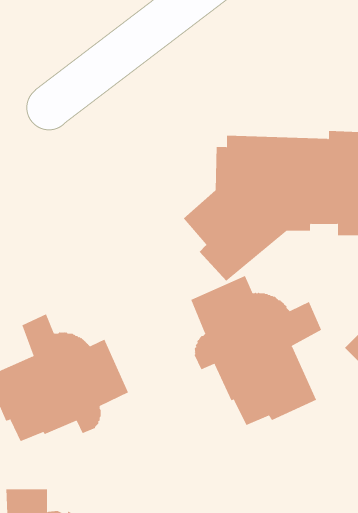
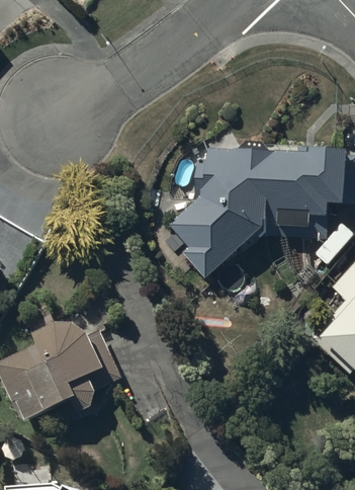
building: [190,275,322,426] -> none

